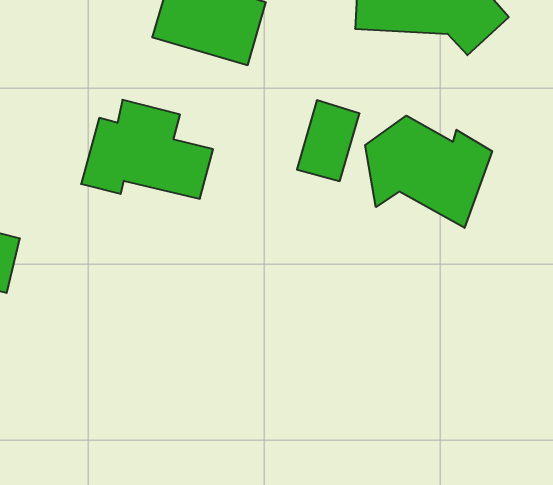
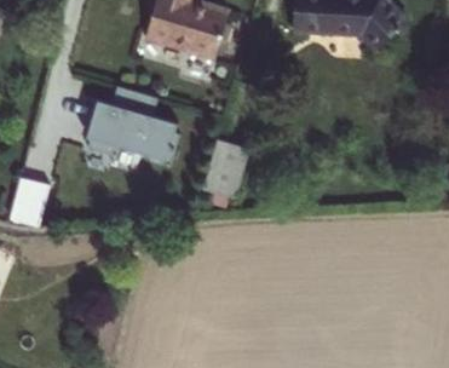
building: [297,100,360,181] -> [200,140,246,200]
building: [365,116,492,228] -> none

